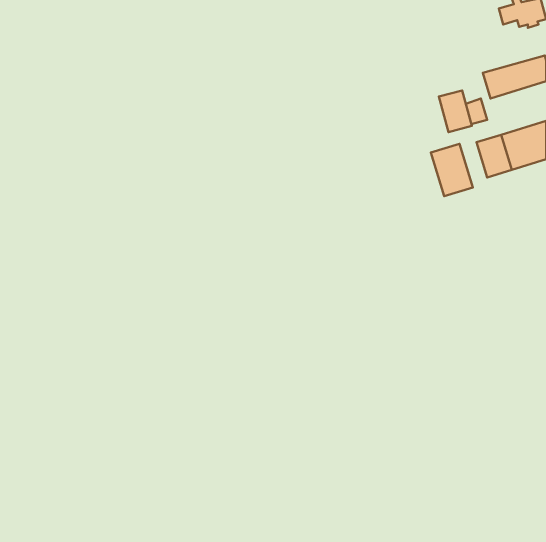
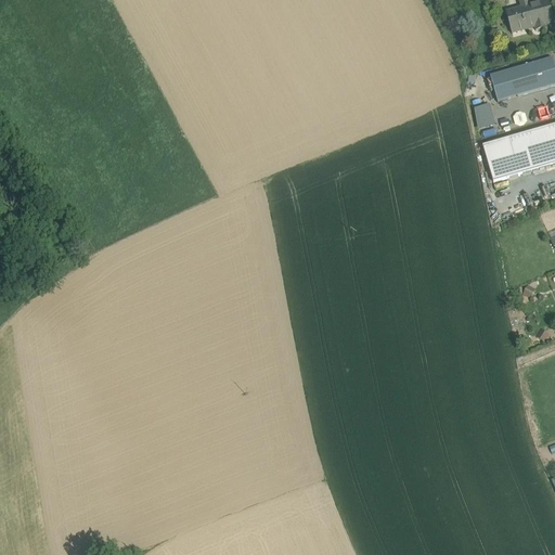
building: [439,90,472,132] -> none
building: [431,144,473,196] -> none

